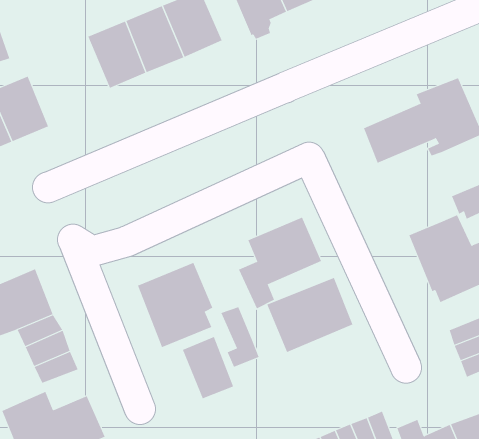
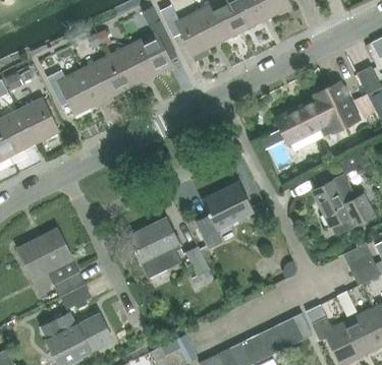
building: none -> [58,69,100,116]
building: [267,277,353,353] -> none
building: [182,336,234,399] -> none

